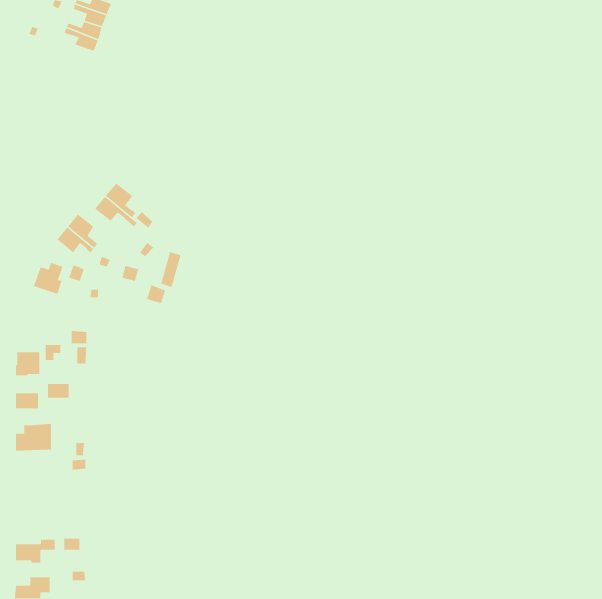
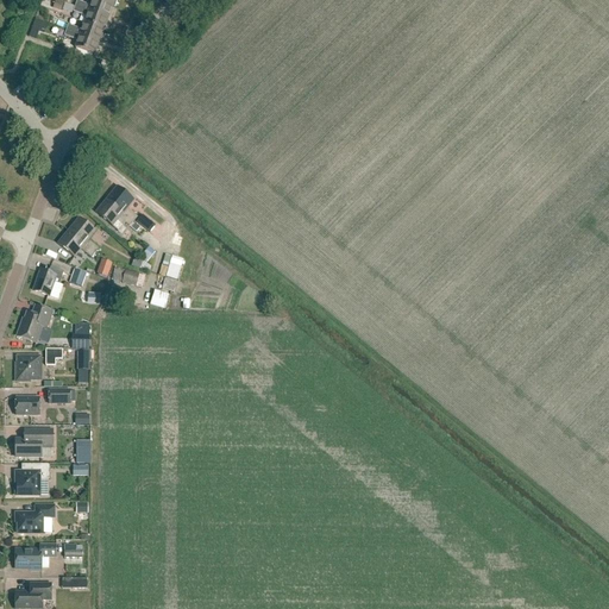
building: none -> [17,303,52,341]
building: none -> [15,462,50,494]
building: none -> [15,503,54,532]

